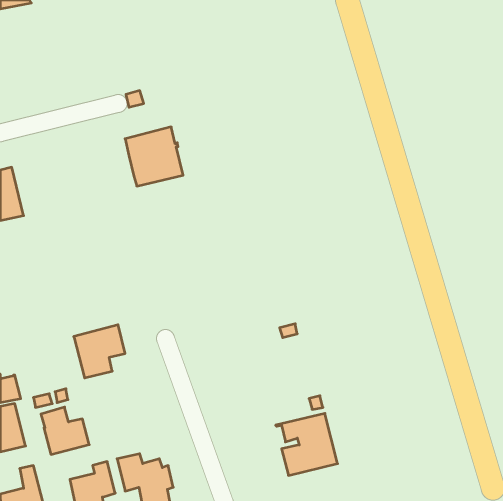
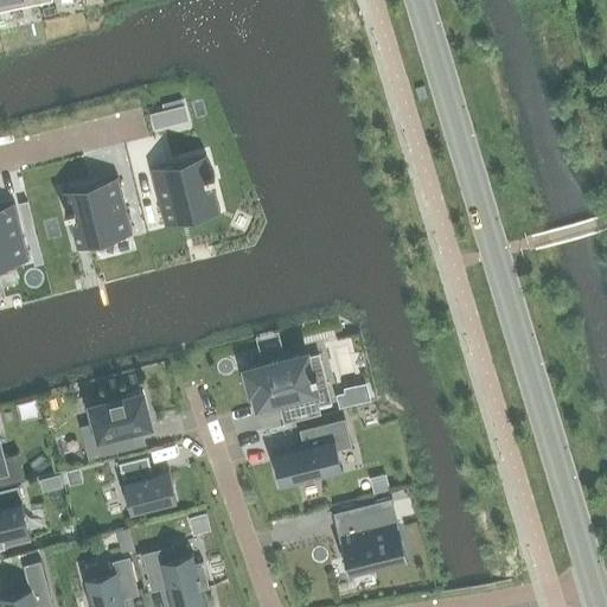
building: none -> [62,178,133,245]
building: none -> [245,357,332,413]
building: none -> [271,421,351,488]
building: [41,407,89,454] -> [119,458,177,515]

